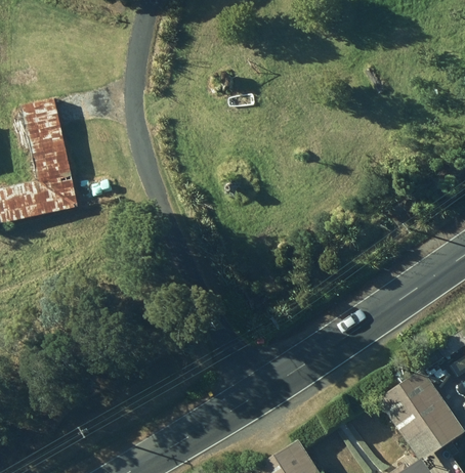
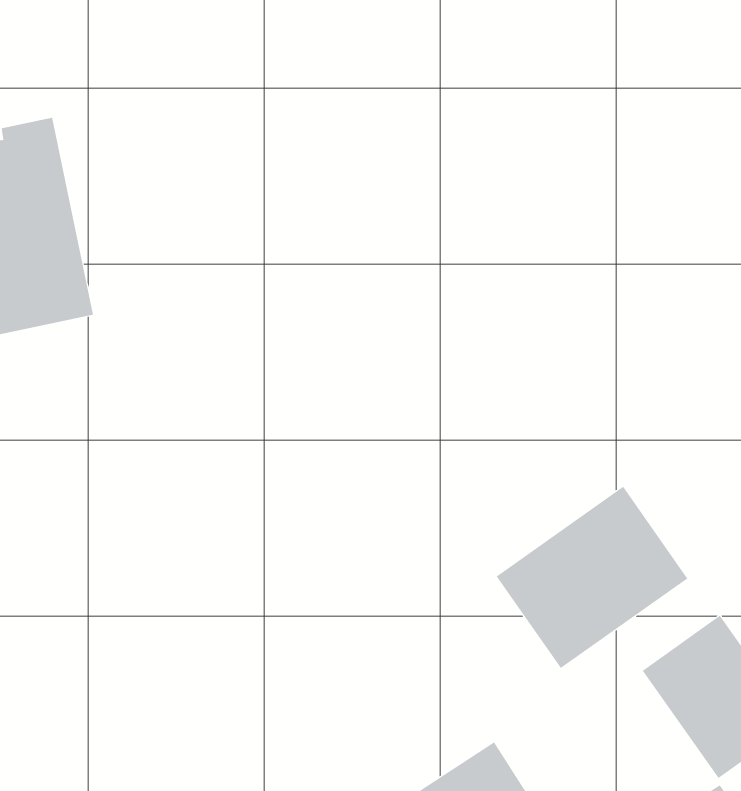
building: none -> [496,486,688,669]

